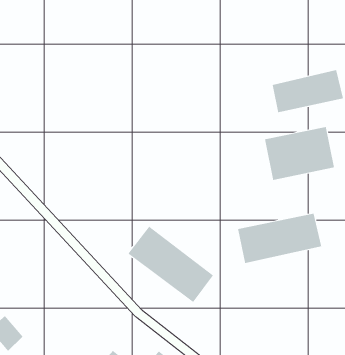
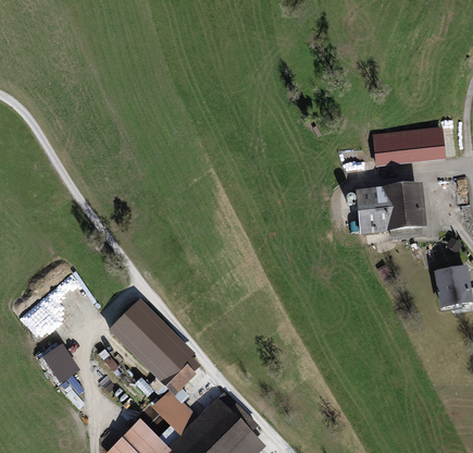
building: [238,213,322,264] -> none
building: [127,226,214,303] -> [110,301,198,388]

